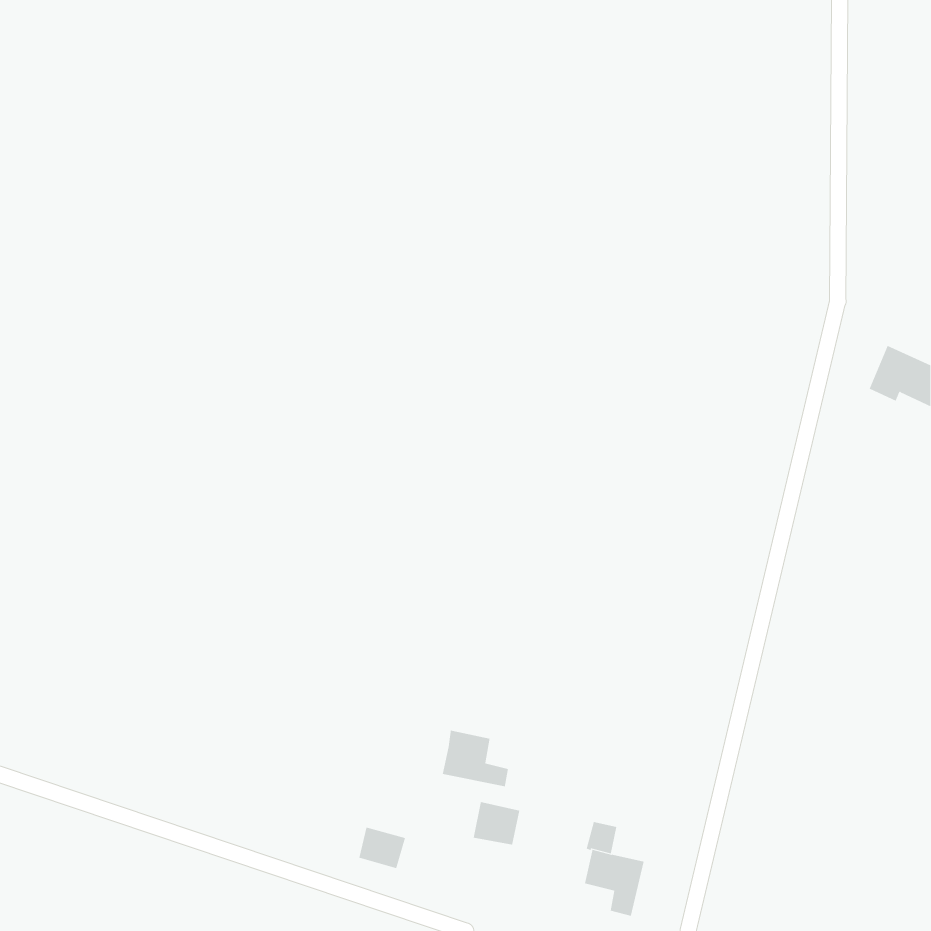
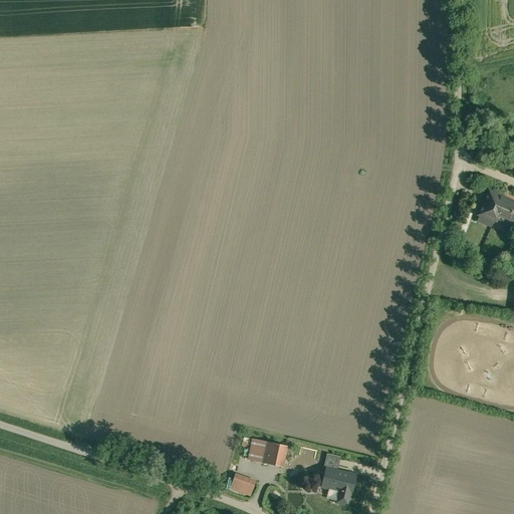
building: [442,729,509,787] -> none
building: [359,827,406,869] -> [231,472,257,495]

